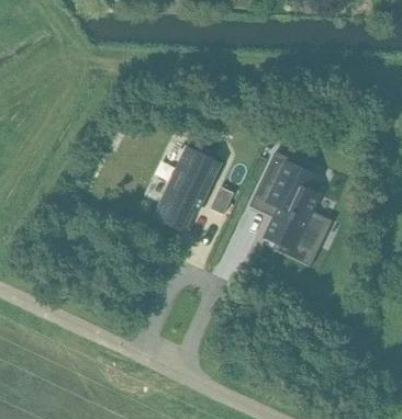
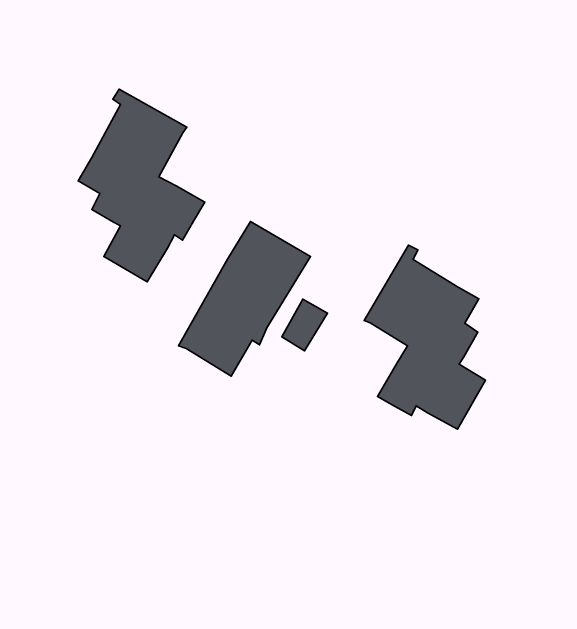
building: none -> [78,89,205,282]

